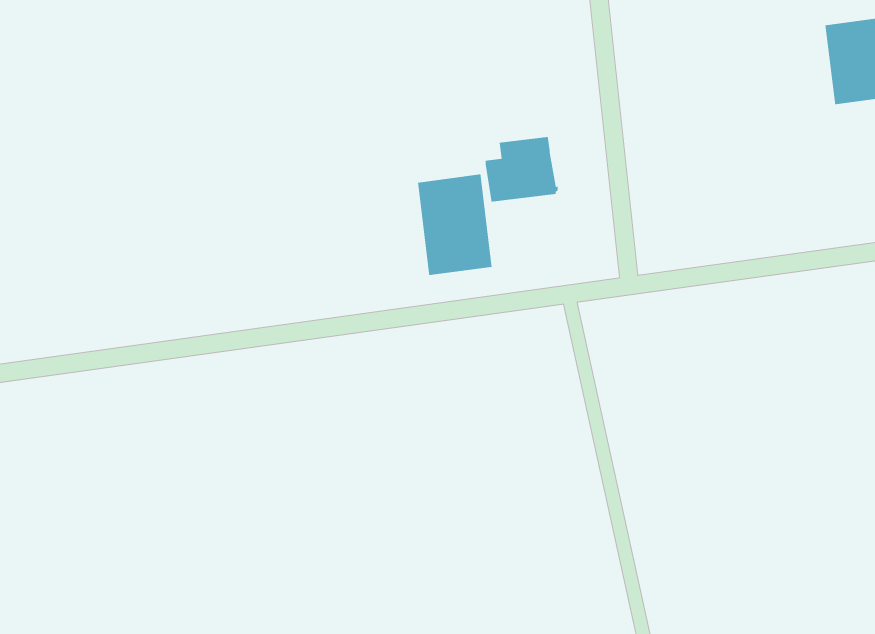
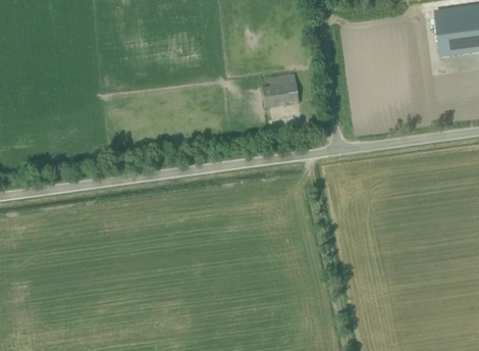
building: [417,174,492,276] -> none

